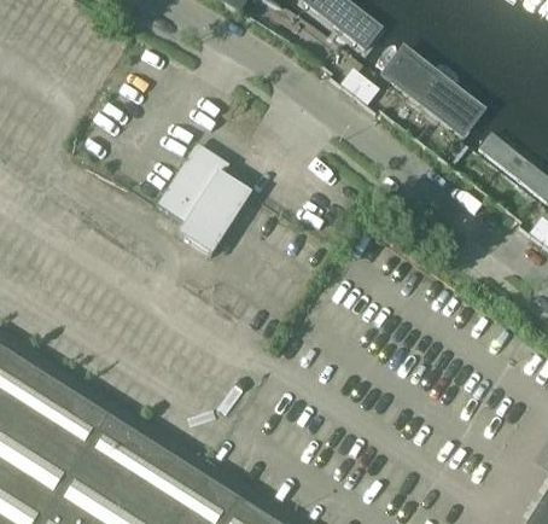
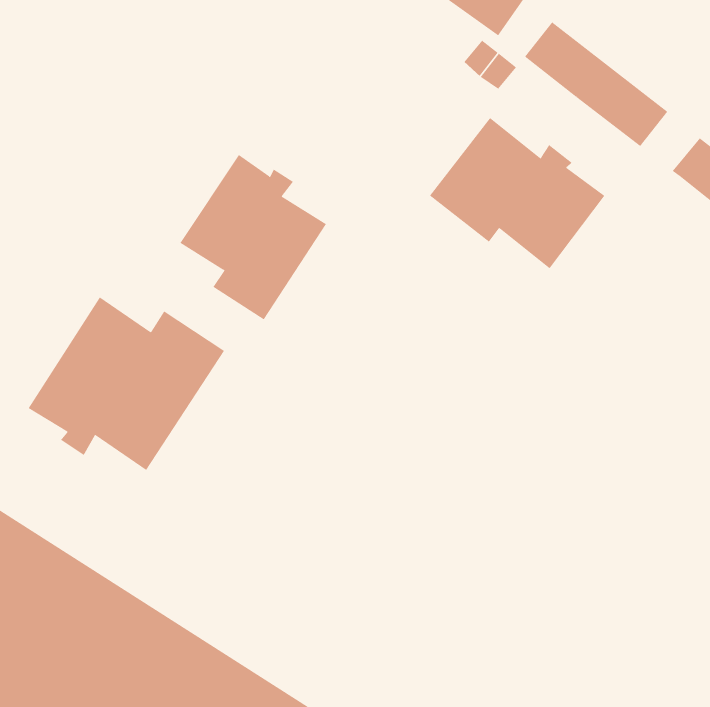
building: none -> [429,117,605,269]
building: none -> [28,296,225,471]

